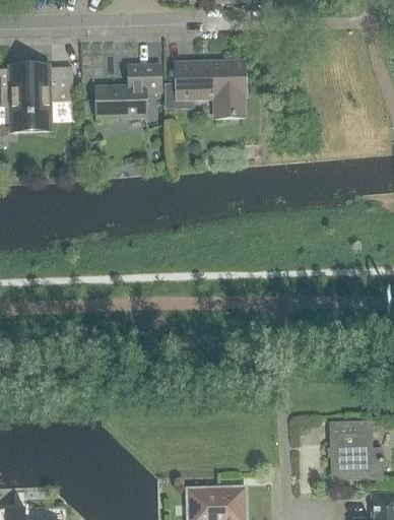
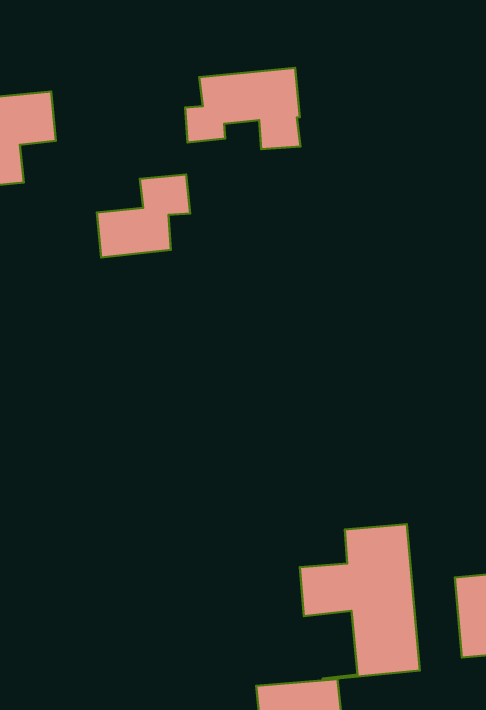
building: [95,64,160,118] -> [97,174,190,258]
building: none -> [300,524,420,680]

